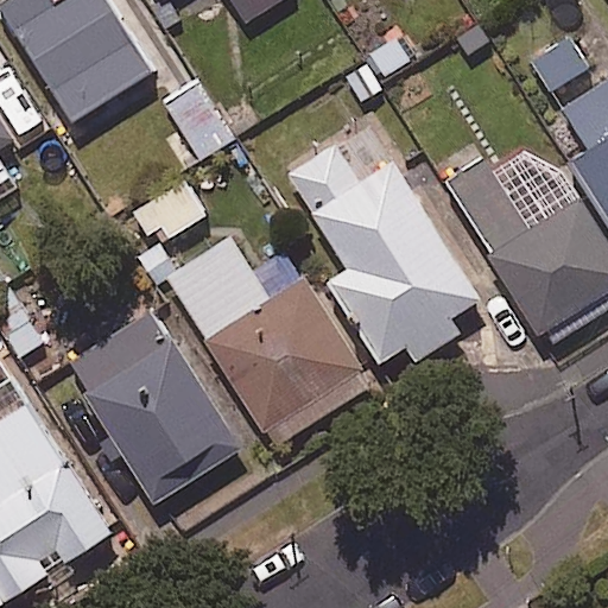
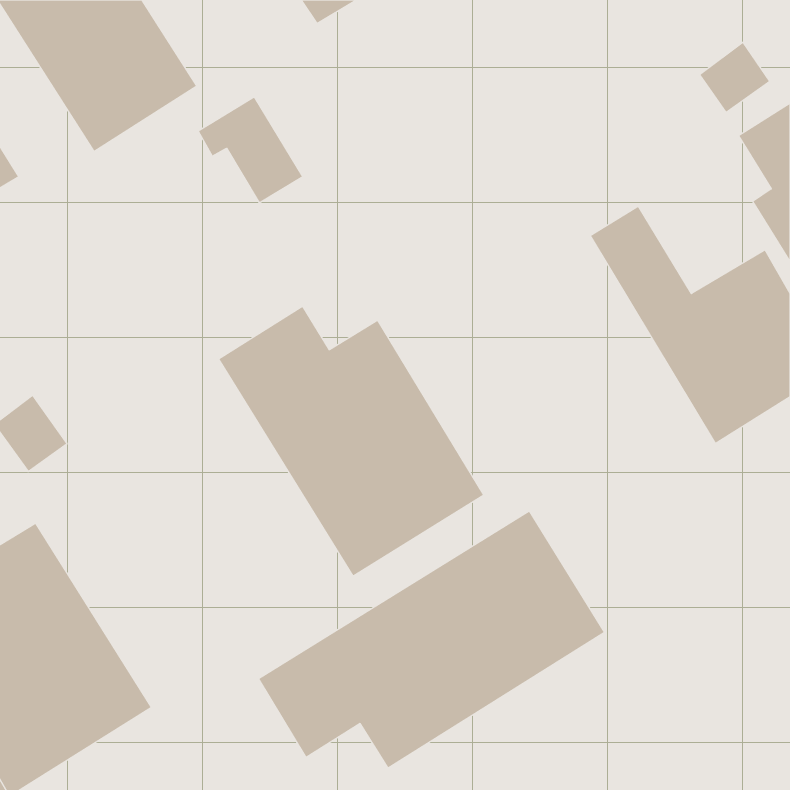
building: [290,145,477,362] -> none
building: [64,303,241,502] -> none
building: none -> [258,511,605,768]

